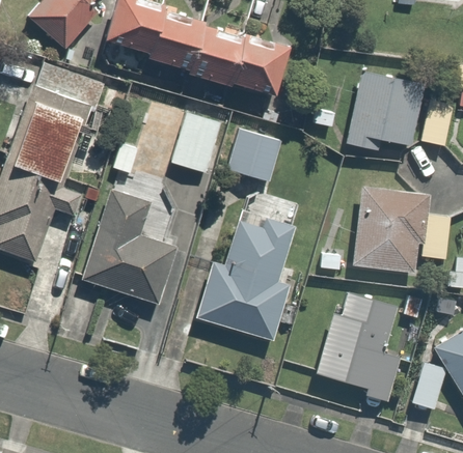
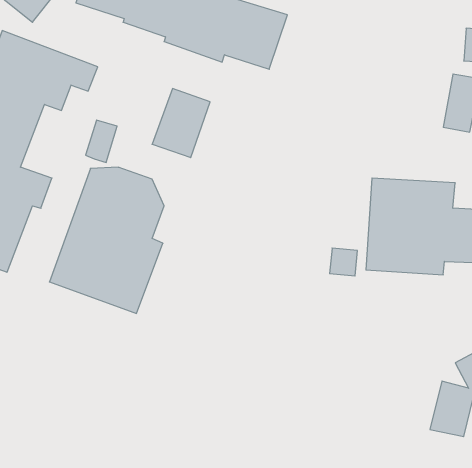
building: [346,69,430,150] -> none
building: [228,131,285,181] -> none
building: [192,217,298,342] -> none
building: [317,288,407,398] -> none

